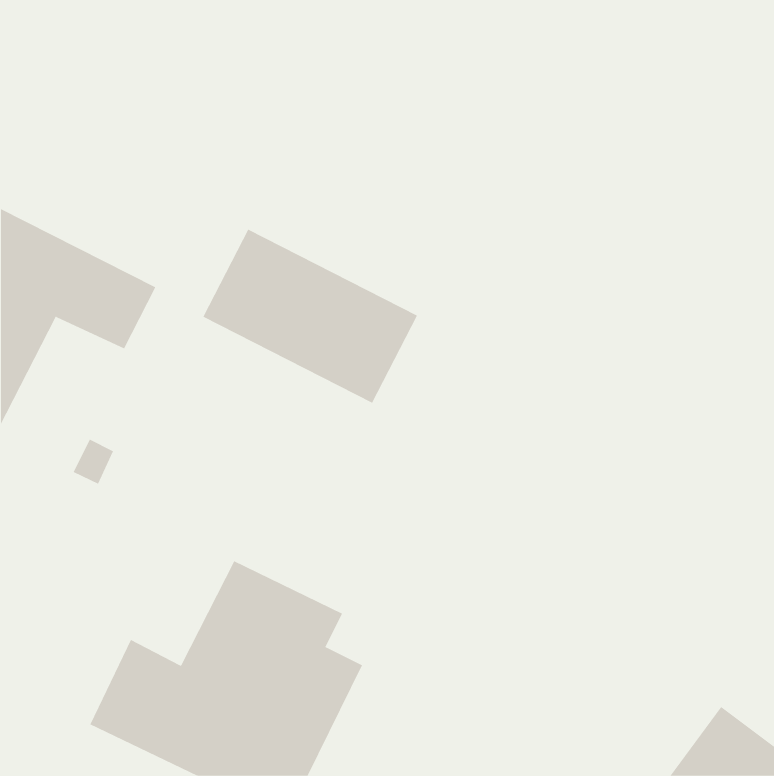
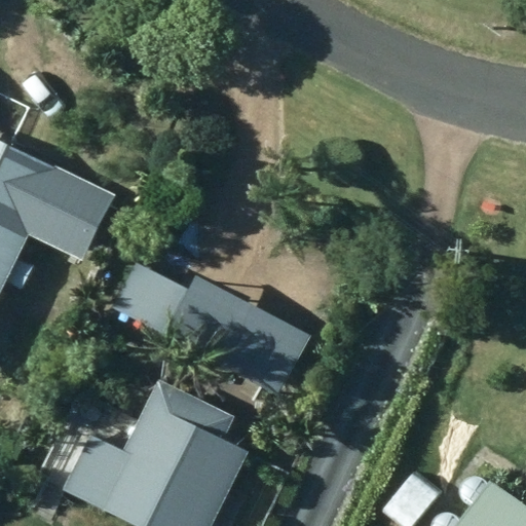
building: [202,229,418,403] -> [162,274,308,392]

